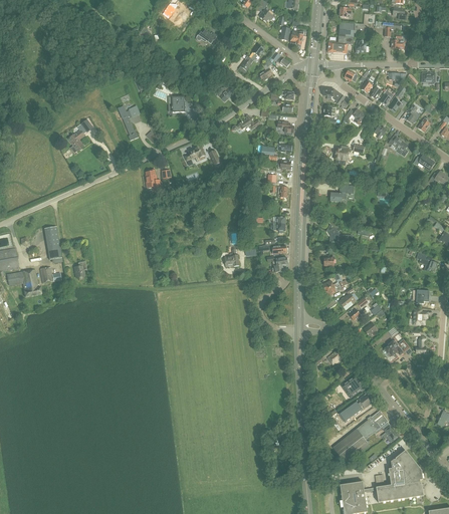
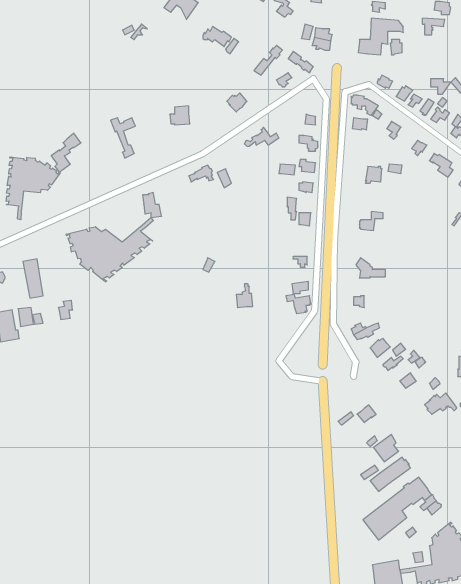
building: none -> [6,157,60,220]
building: none -> [66,217,153,282]

